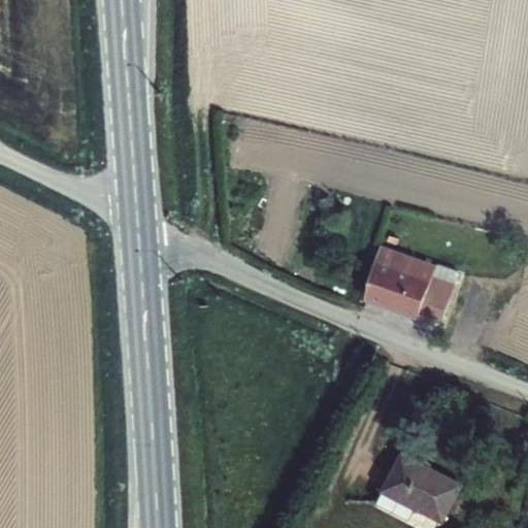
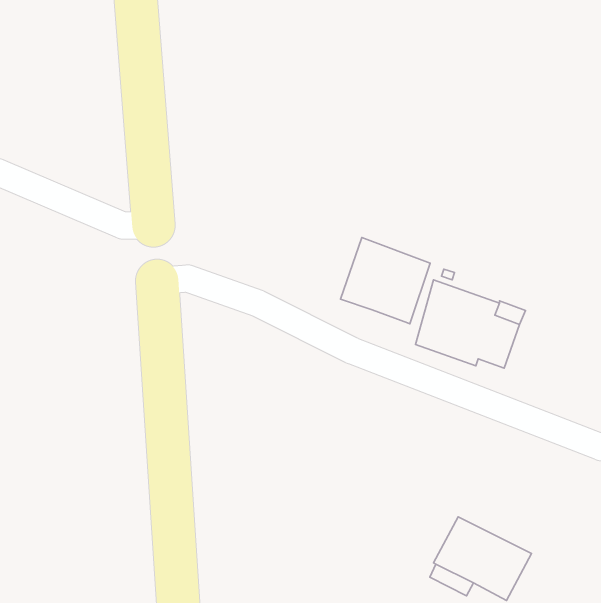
building: none -> [341,238,430,324]

